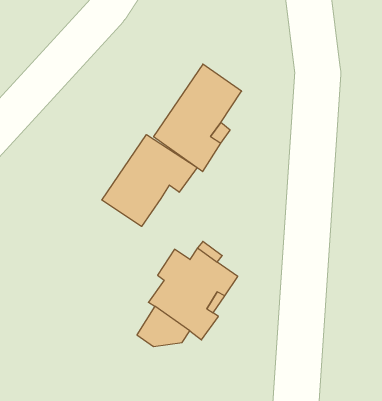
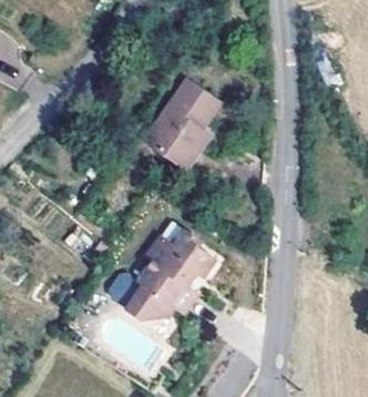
building: [102,135,197,226] -> none

